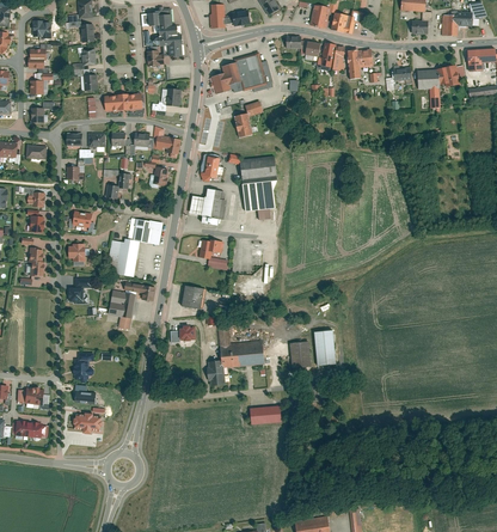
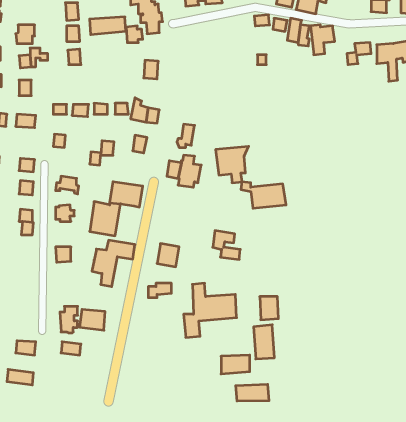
building: [211,53,270,94] -> none
building: [103,92,142,111] -> [90,17,126,35]
building: [233,99,262,139] -> none
building: [229,154,278,183] -> [241,182,286,208]
building: [198,239,228,270] -> [213,231,240,259]
building: [314,330,337,367] -> [254,325,274,359]
building: [74,414,102,436] -> [80,309,105,330]
building: none -> [236,384,269,401]

